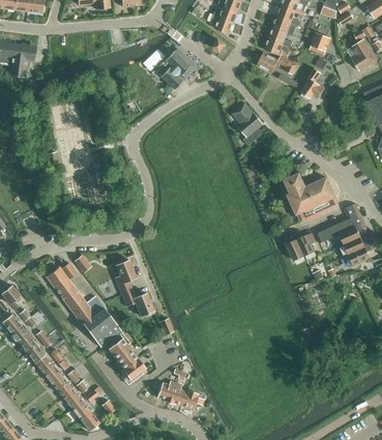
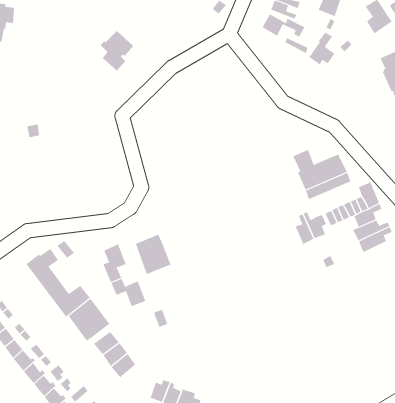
building: [159,51,190,88] -> [100,30,134,72]
building: [233,104,264,145] -> none
building: none -> [135,234,171,275]

